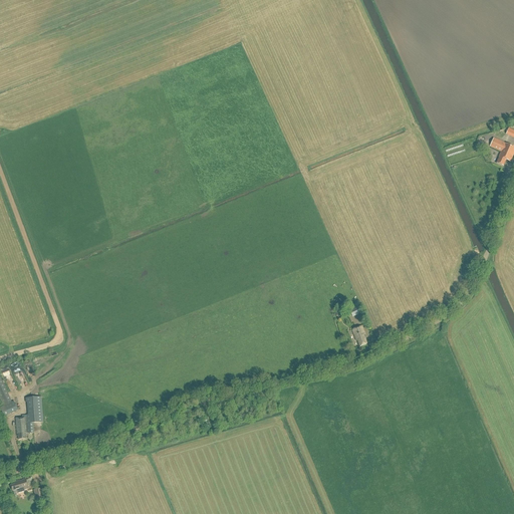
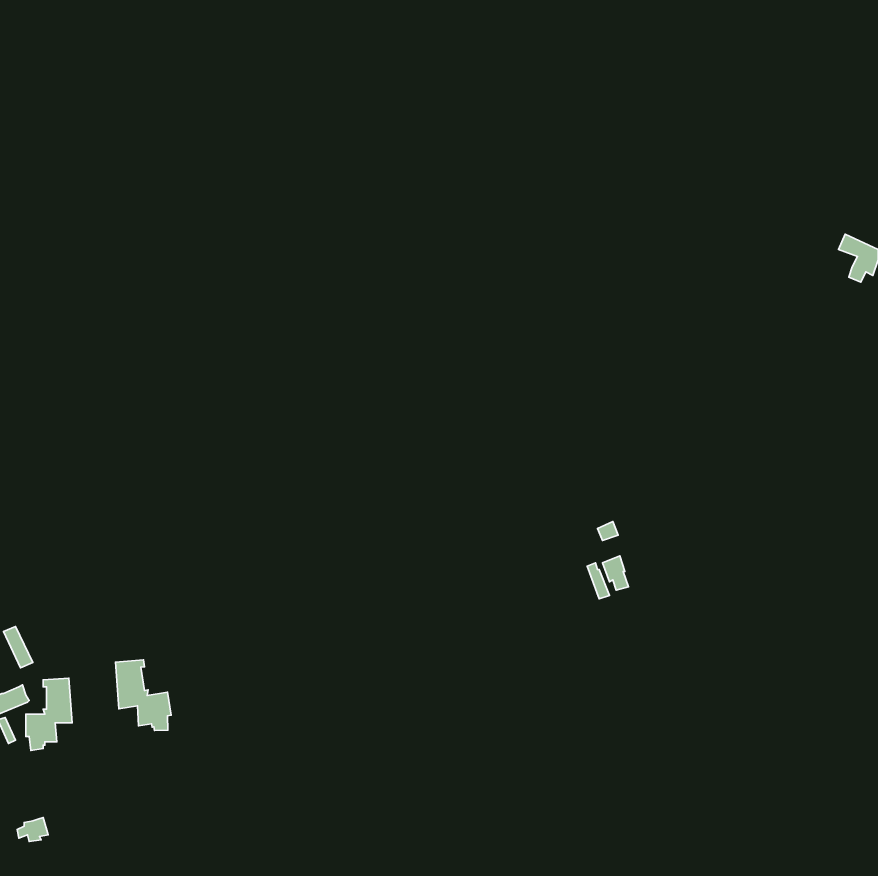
building: none -> [115,660,171,731]

